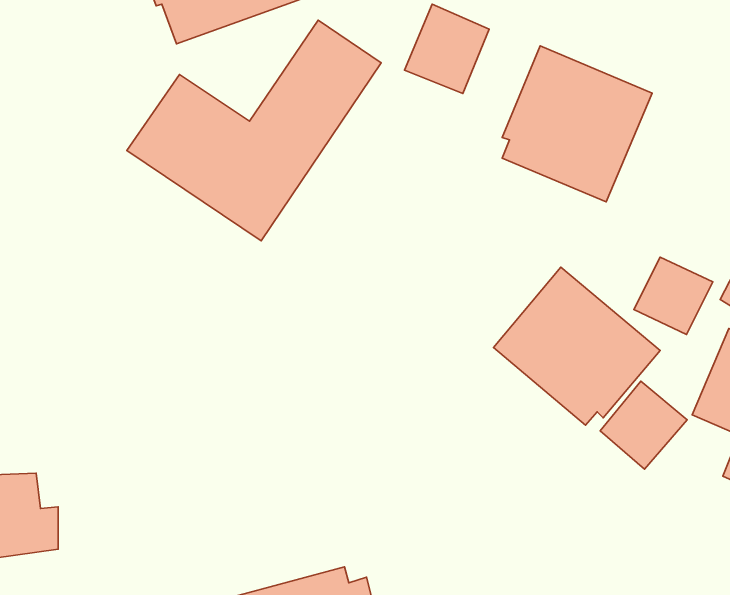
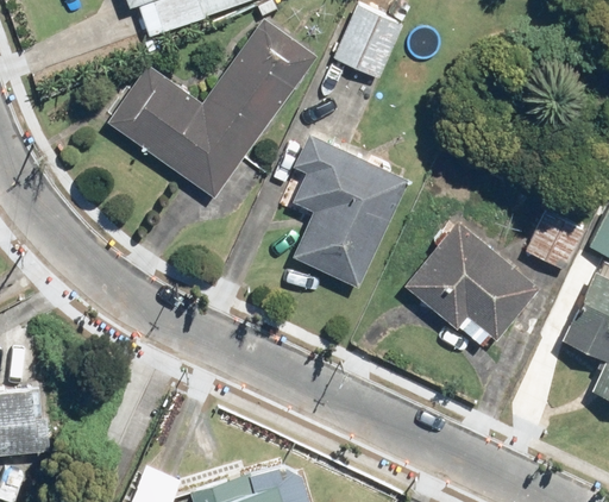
building: [502,46,652,202] -> none
building: none -> [276,131,409,290]
building: [600,381,687,469] -> none

